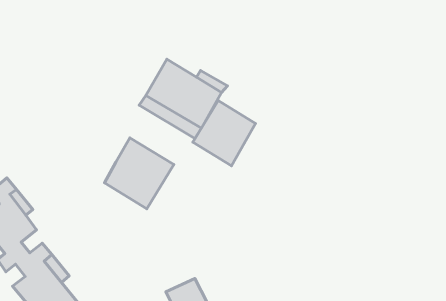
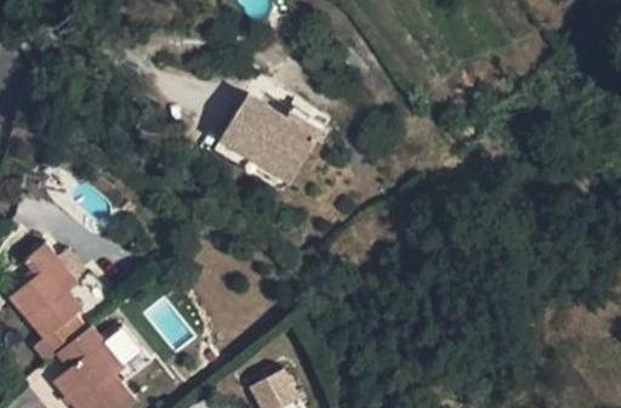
building: [193,101,255,166] -> none
building: [104,138,174,209] -> none

